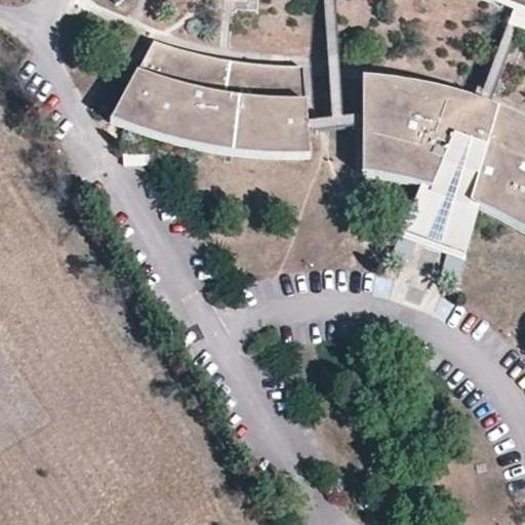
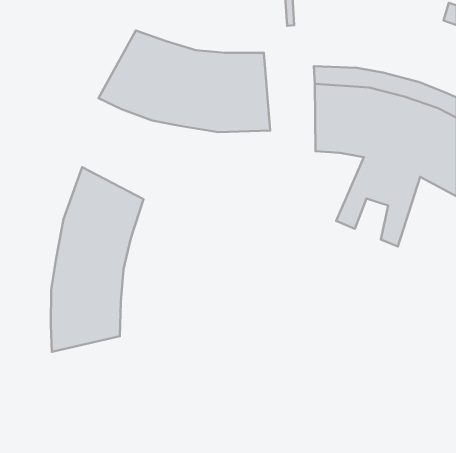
building: none -> [51,167,144,352]

